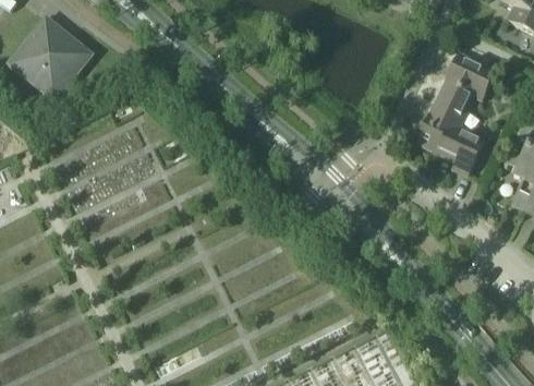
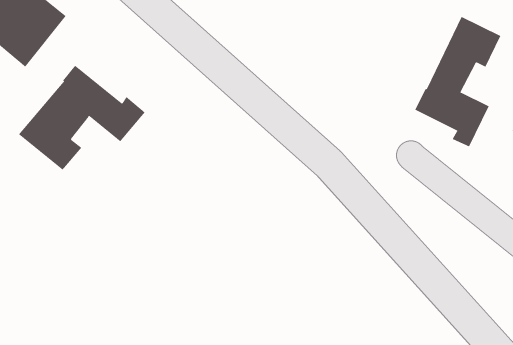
building: none -> [18,65,146,171]

